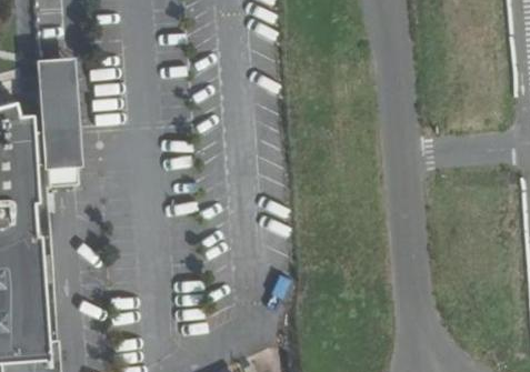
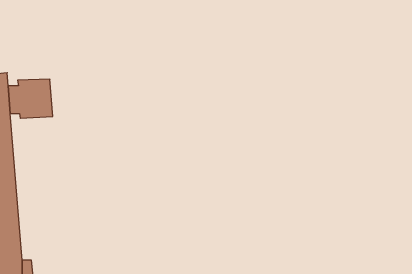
building: [36,58,78,121] -> none

